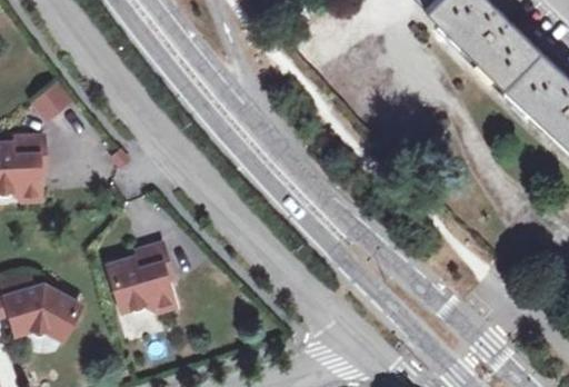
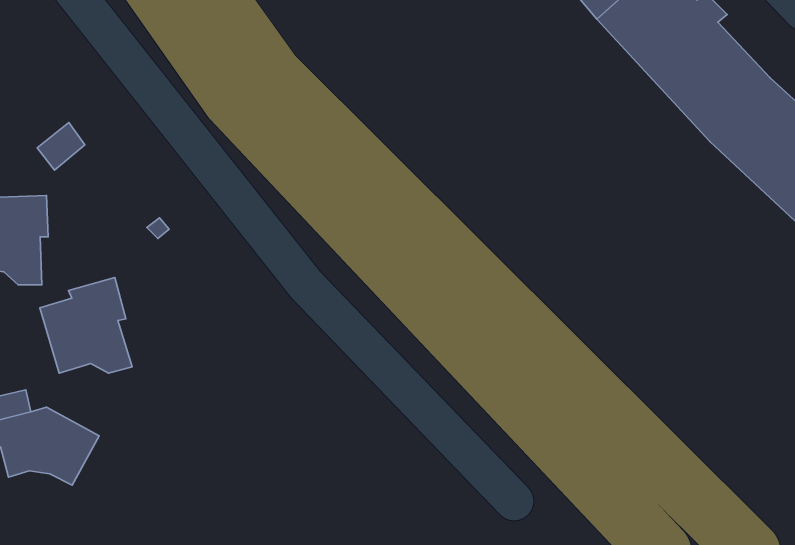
building: [108,246,172,312] -> [40,278,132,373]

